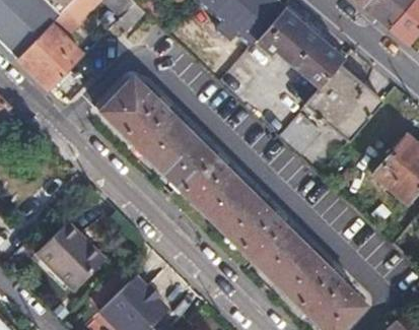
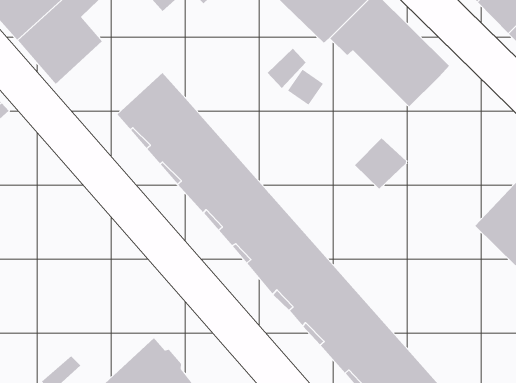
building: [305,64,382,141] -> none
building: [38,220,109,291] -> none

